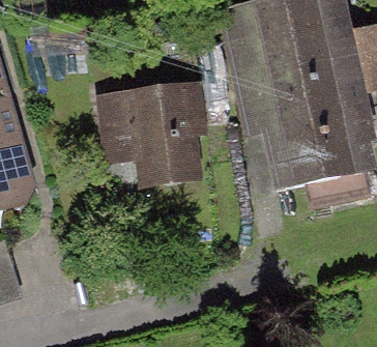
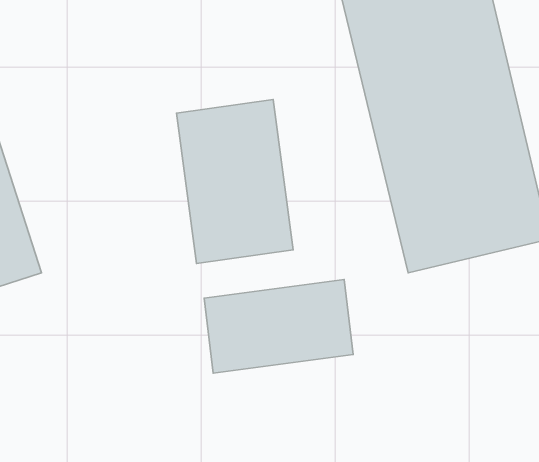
building: none -> [204,280,353,373]

